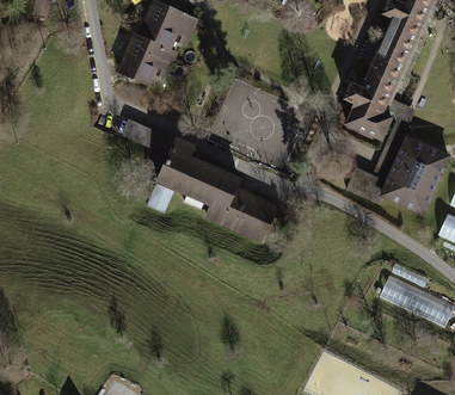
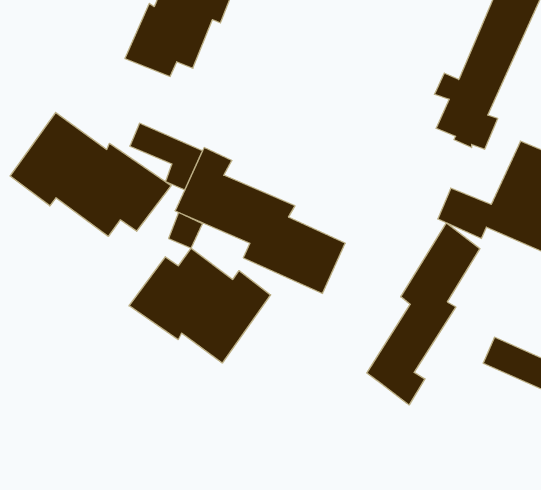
building: none -> [10,112,171,236]
building: none -> [367,223,480,405]
building: none -> [129,248,271,363]

